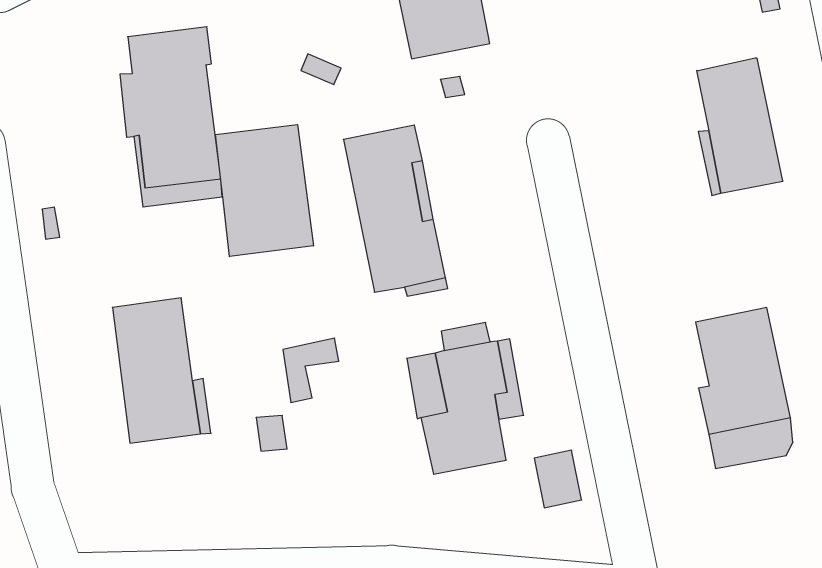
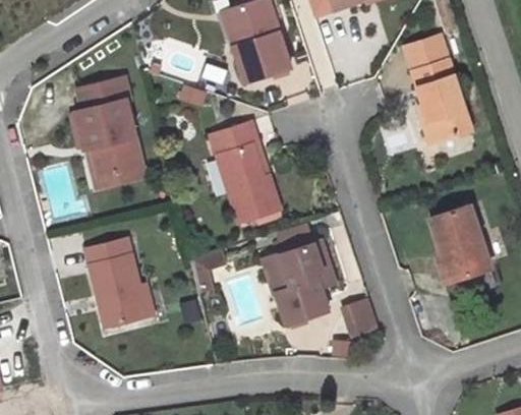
building: none -> [407,37,447,70]
building: [215,125,313,257] -> none

